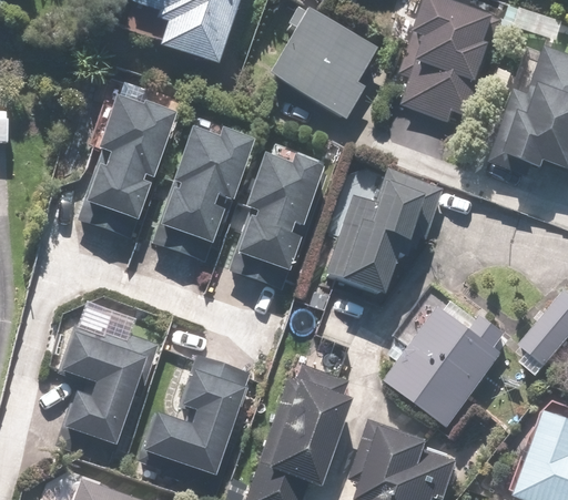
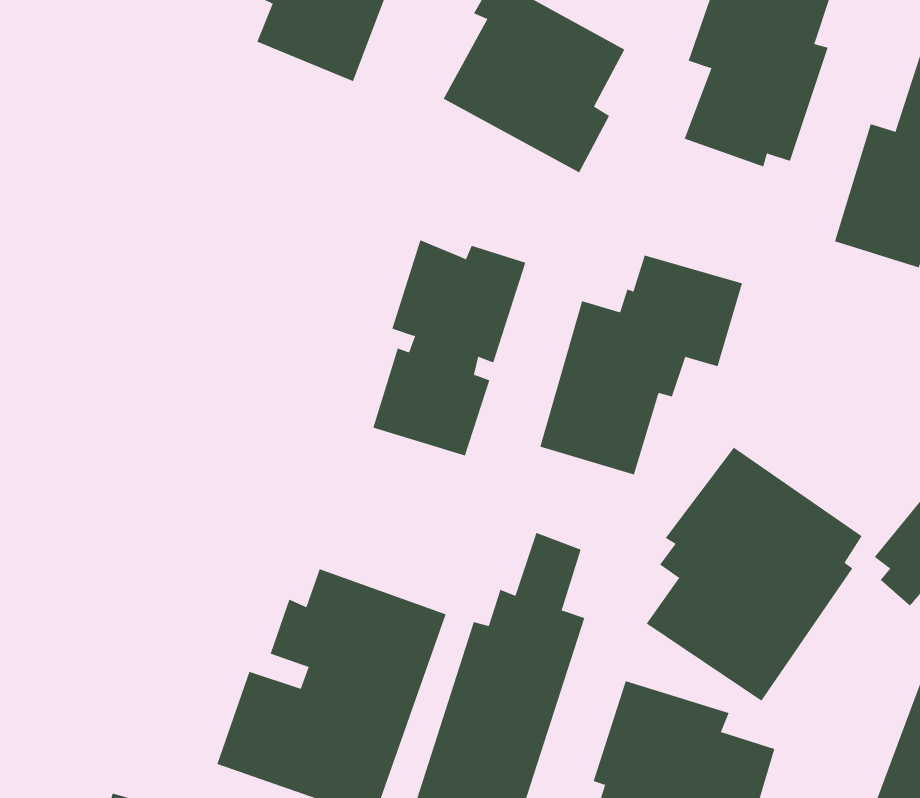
building: [79,104,170,232] -> none
building: [153,133,248,257] -> none
building: [58,320,166,461] -> none

